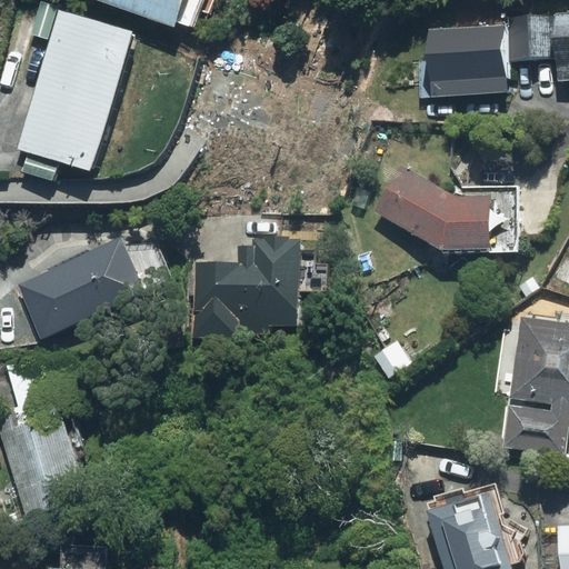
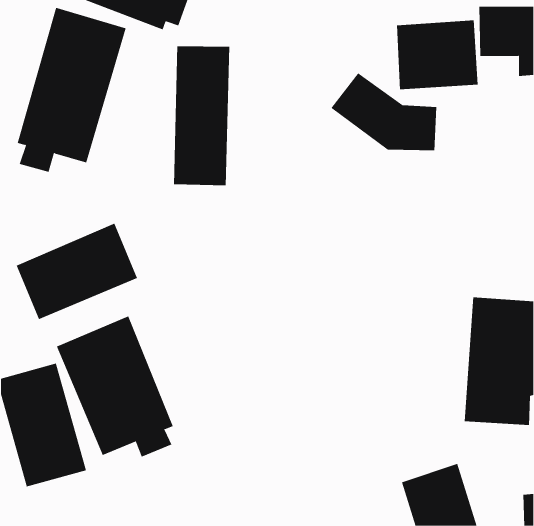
building: none -> [174,45,230,186]
building: [376,168,489,251] -> [331,72,437,151]
building: [191,229,302,342] -> none
building: none -> [56,316,174,457]

